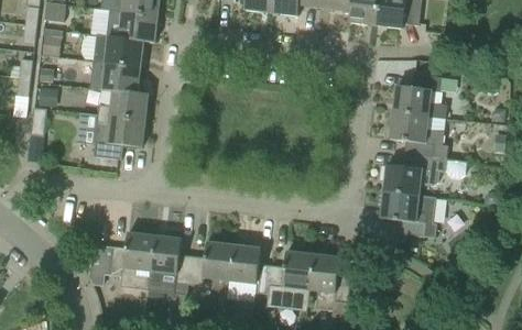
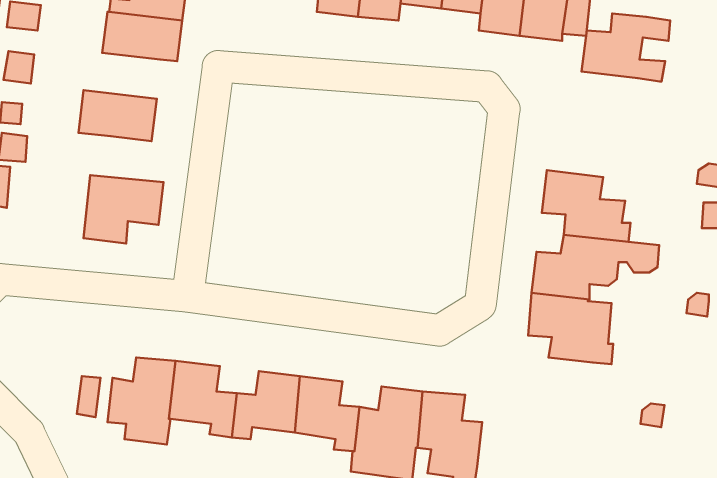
building: [81,34,143,65] -> none
building: [393,74,450,118] -> [582,14,670,82]
building: [98,89,148,119] -> none

